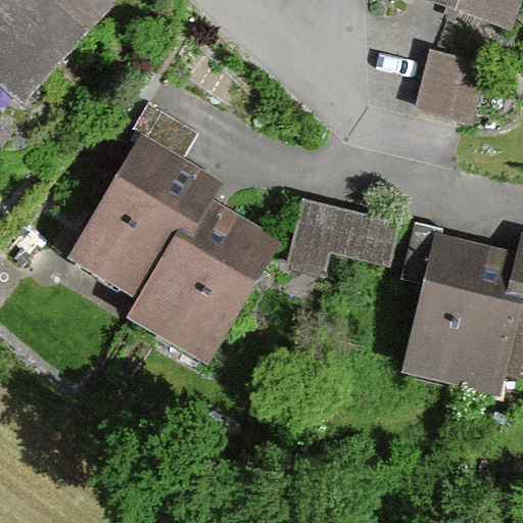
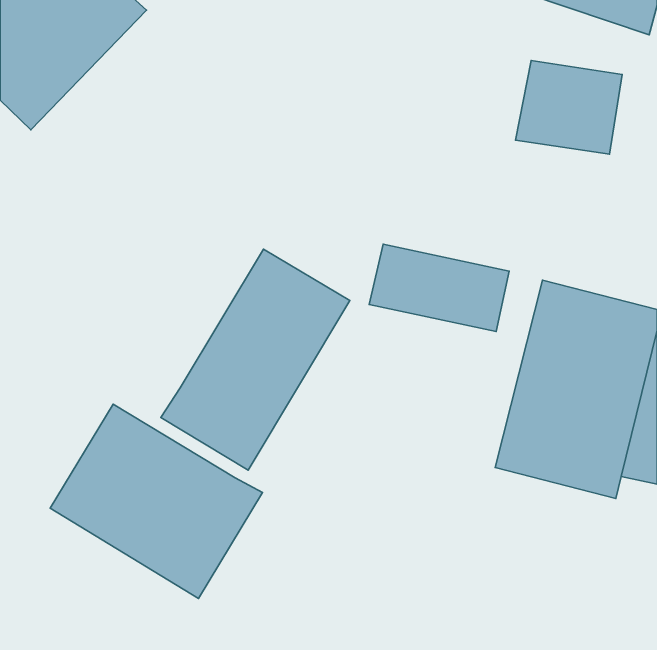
building: [67,134,219,308] -> none
building: none -> [50,404,263,598]

